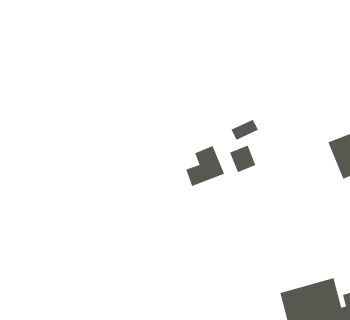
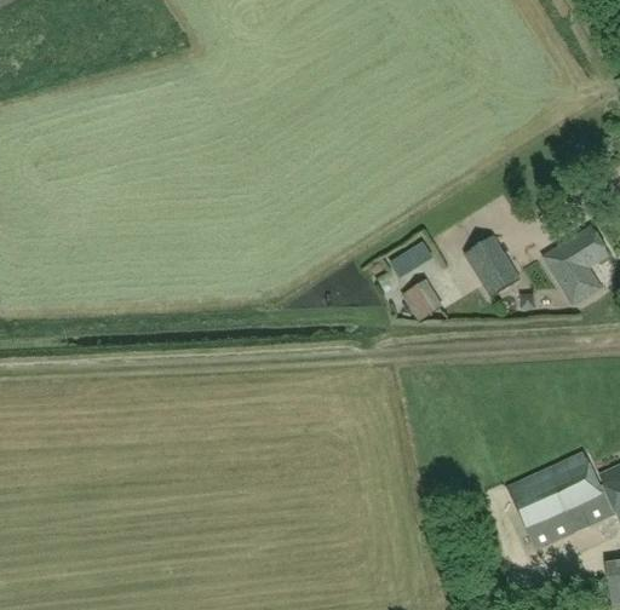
building: none -> [464,236,519,297]
building: [185,145,225,187] -> none

